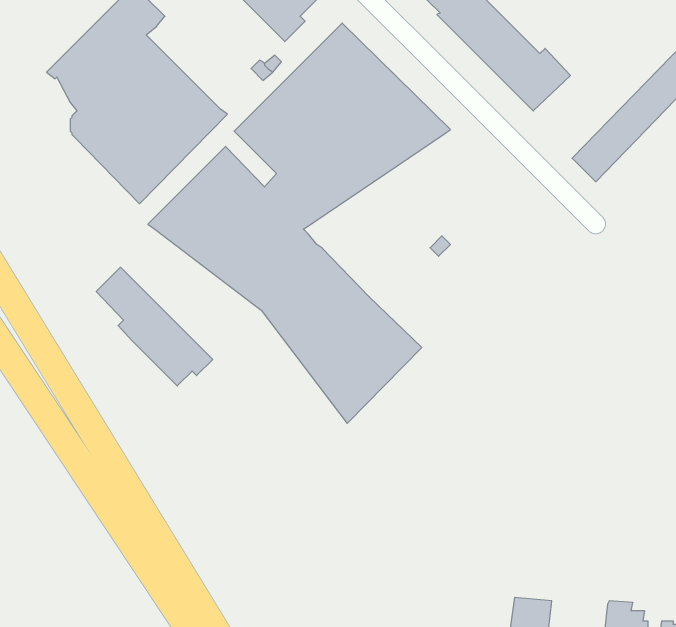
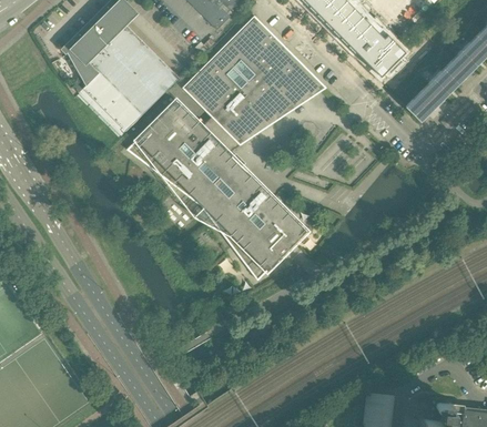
building: [96,267,213,386] -> none

